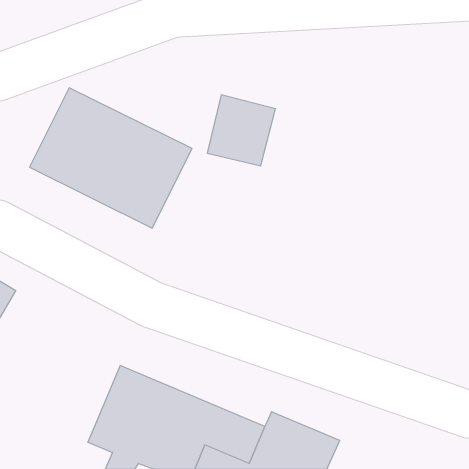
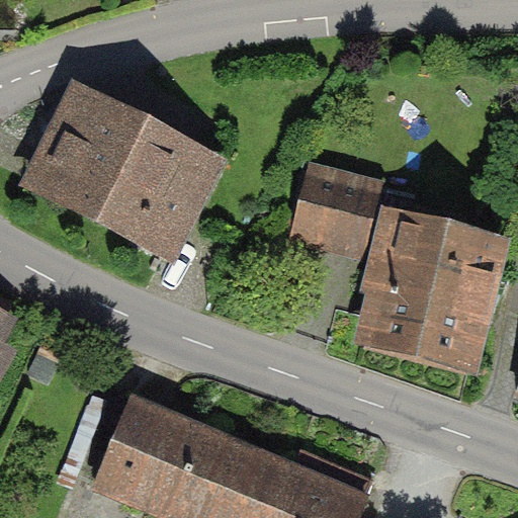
building: [207,95,276,166] -> [294,172,369,250]
building: none -> [363,217,498,367]

